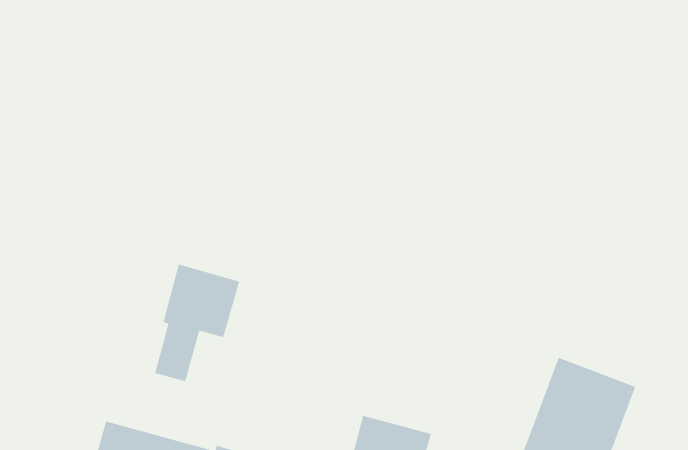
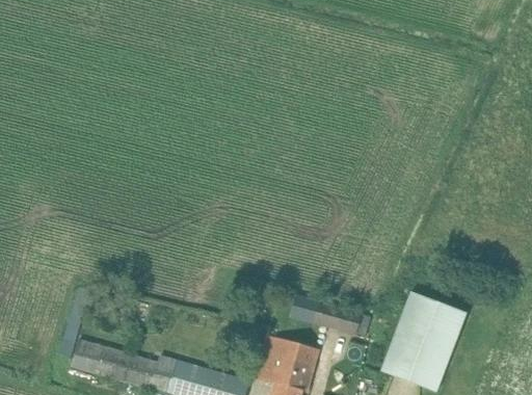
building: [154,264,240,382] -> none
building: none -> [290,295,362,335]

